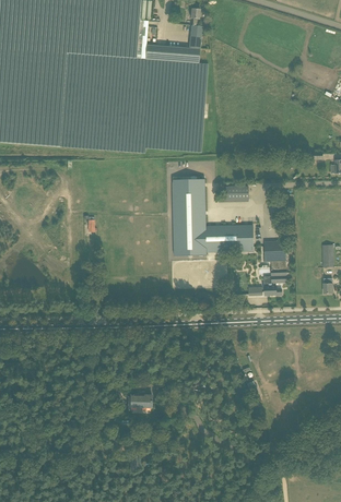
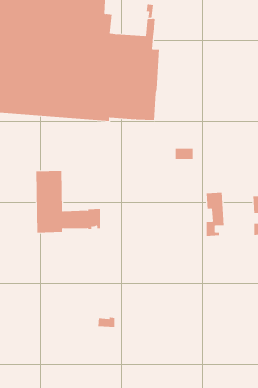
building: [172,177,252,254] -> [36,170,101,233]

